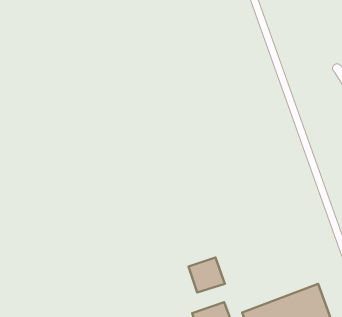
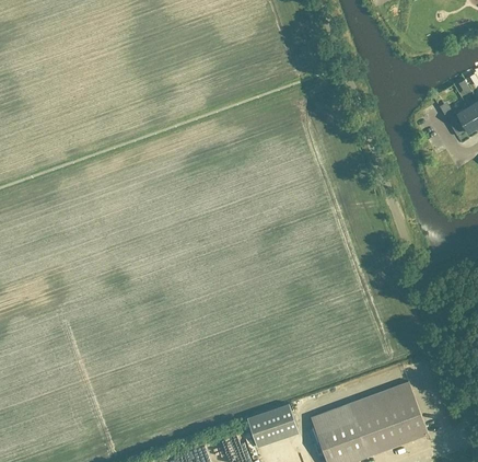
building: [189,257,225,292] -> none

